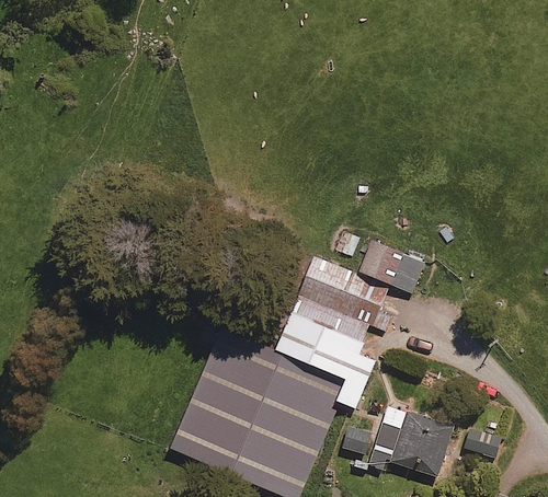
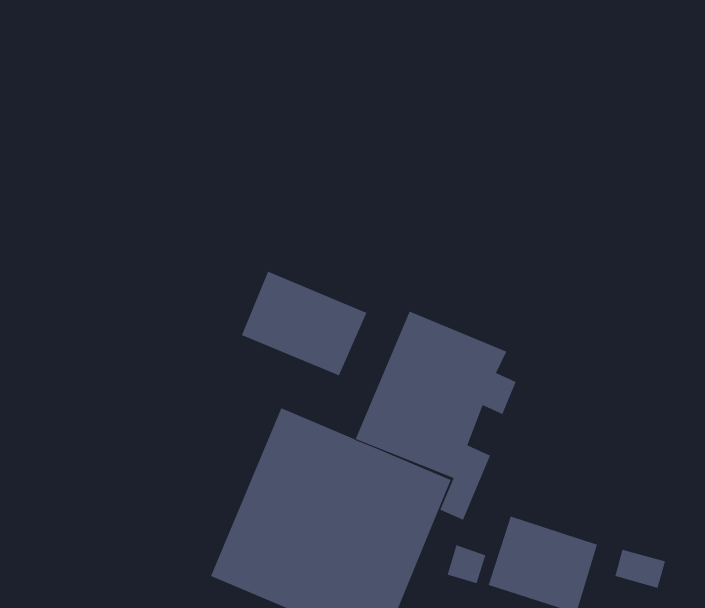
building: none -> [241,271,367,376]
building: [358,242,423,293] -> none

